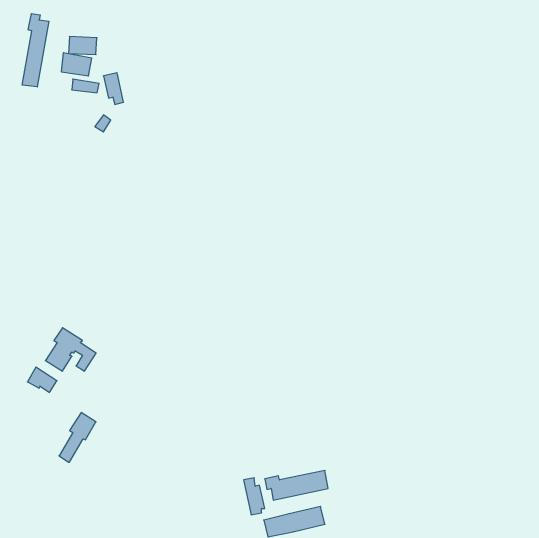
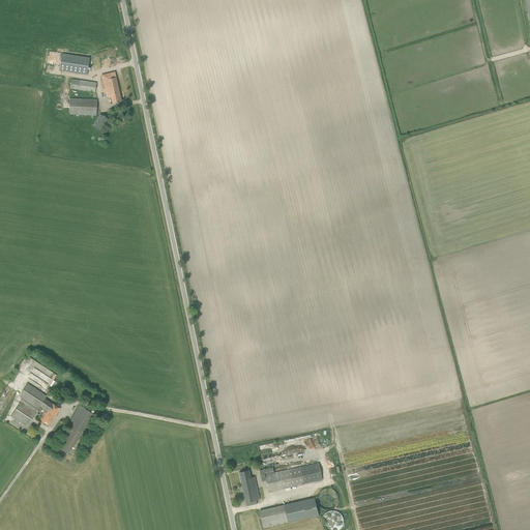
building: [22,14,49,87] -> none
building: [68,37,97,55] -> [69,97,97,115]
building: [45,328,96,371] -> [10,383,60,425]

